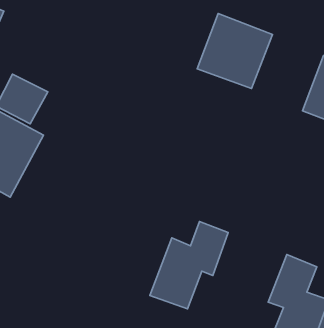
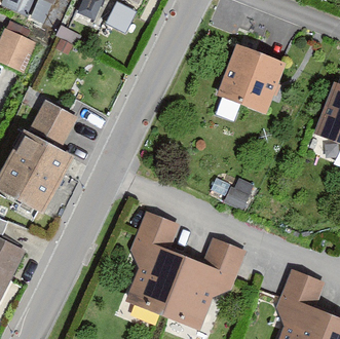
building: none -> [136,210,192,305]

